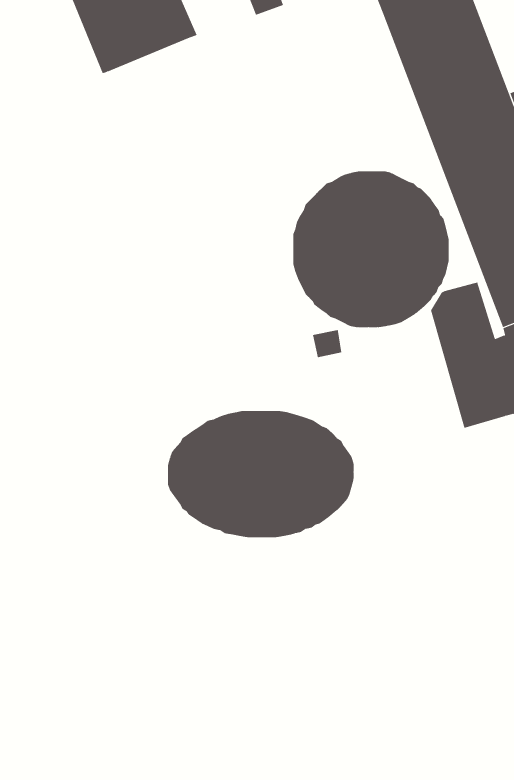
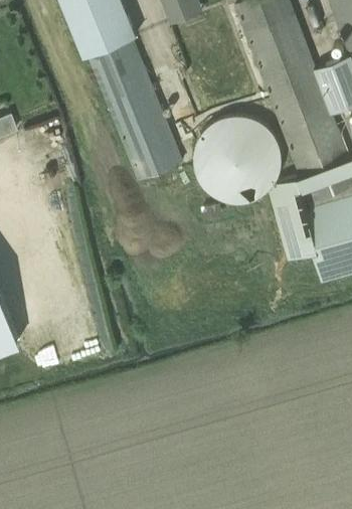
building: none -> [86,37,183,180]
building: [167,410,354,538] -> none

